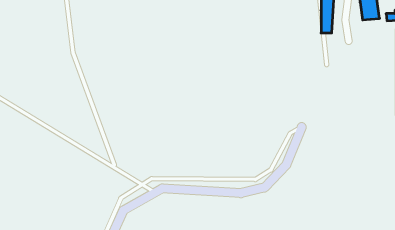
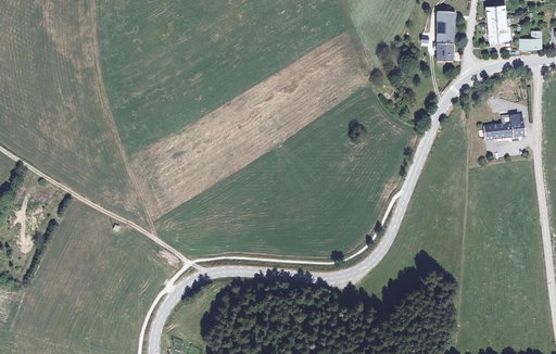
building: none -> [484,115,528,141]

